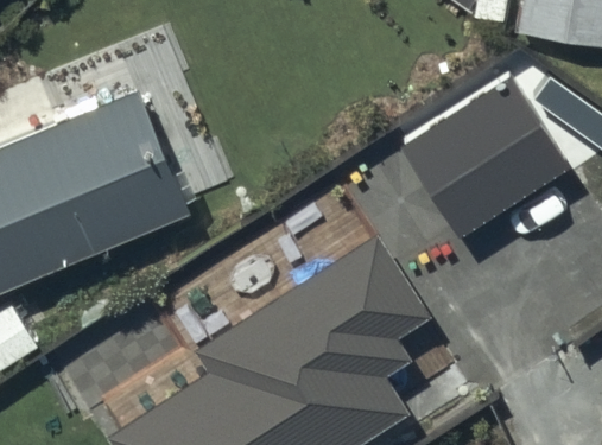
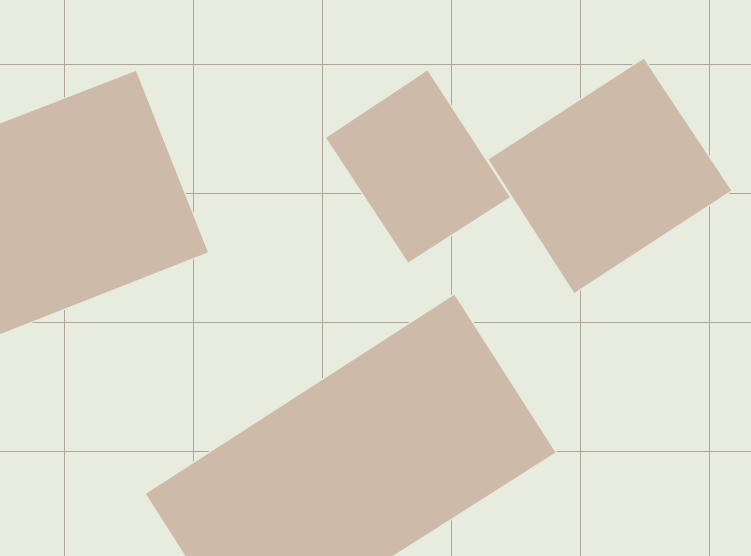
building: none -> [325,70,511,264]

